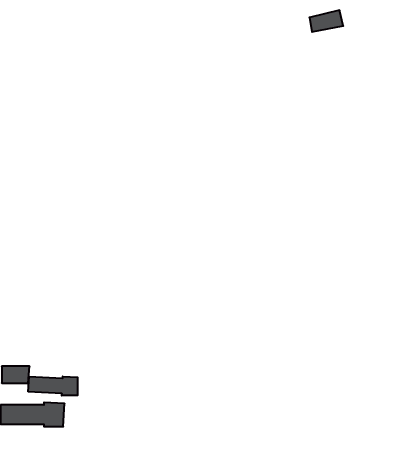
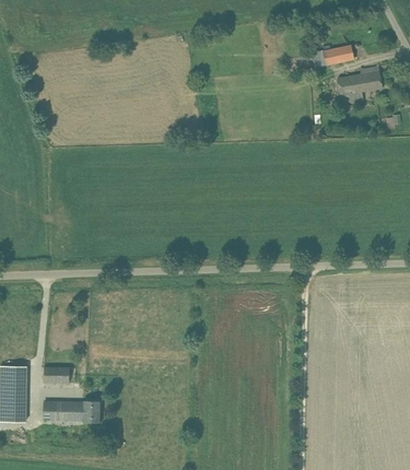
building: none -> [338,67,383,104]
building: [28,376,78,396] -> none

